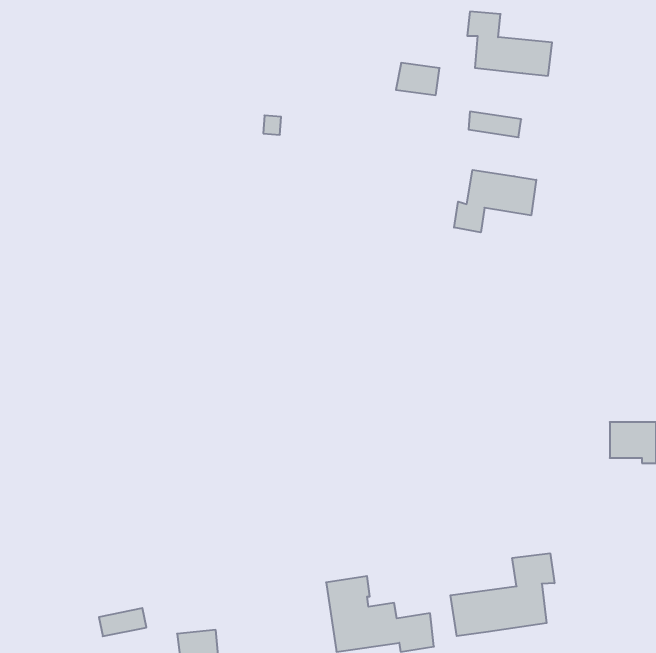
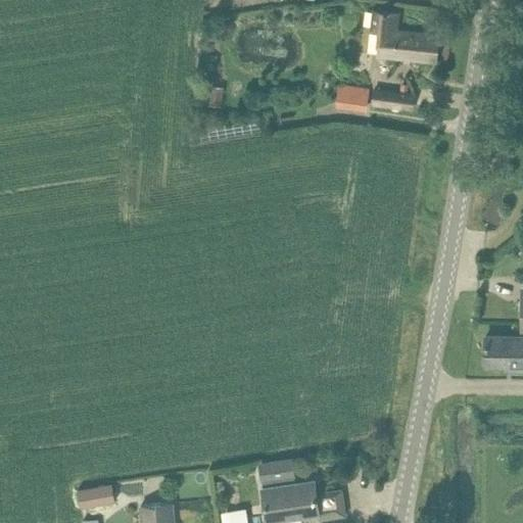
building: [396,63,440,95] -> [335,85,370,110]
building: [454,170,536,232] -> none
building: [450,553,554,636] -> none

